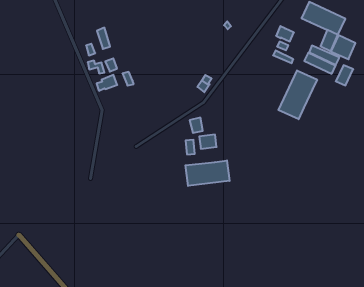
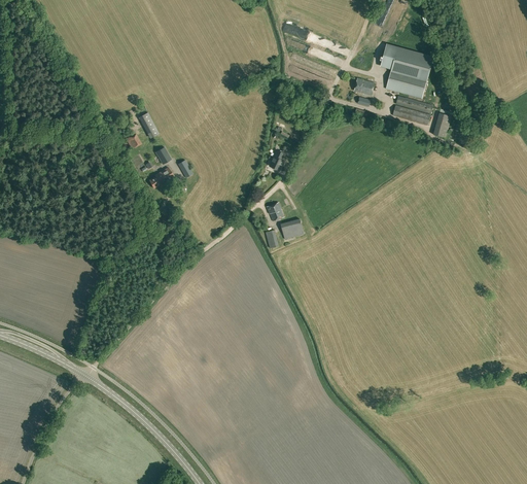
building: [331,35,355,59] -> [385,68,413,95]
building: [278,70,317,119] -> none
building: [185,160,230,186] -> none

